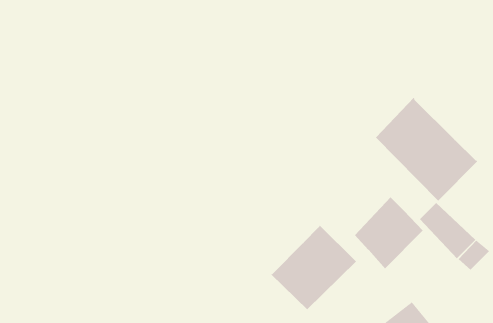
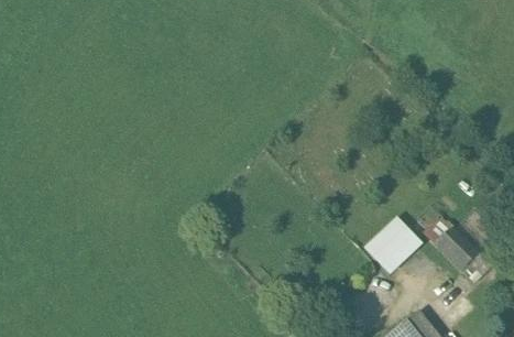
building: [375,97,478,201] -> none
building: [270,225,357,310] -> none

